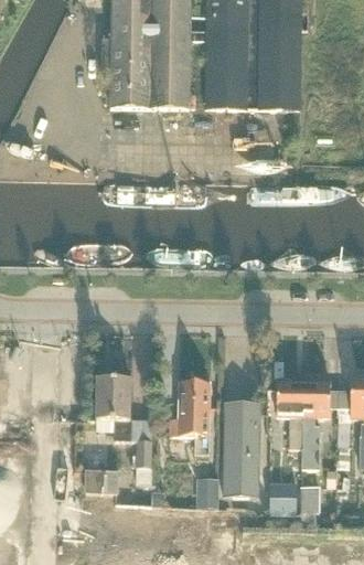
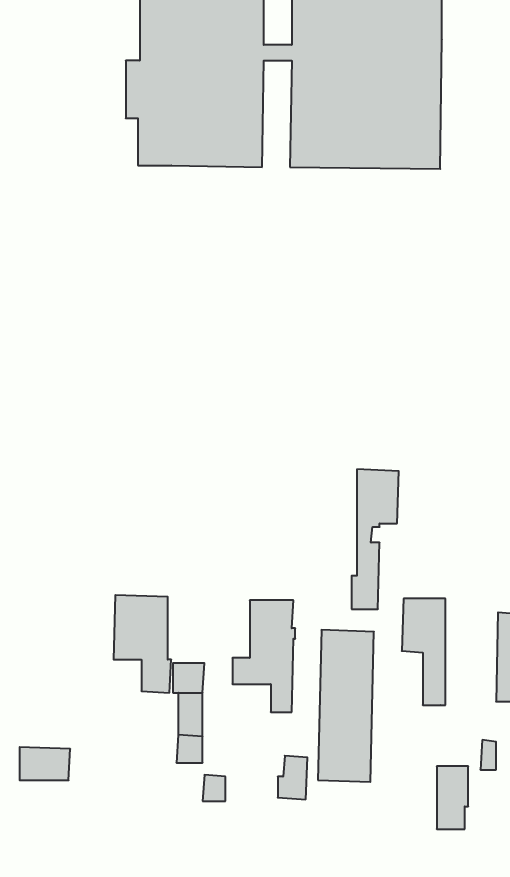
building: [300,380,330,468] -> [352,469,399,609]
building: [84,470,116,491] -> [20,747,70,780]
building: [268,481,296,514] -> none

